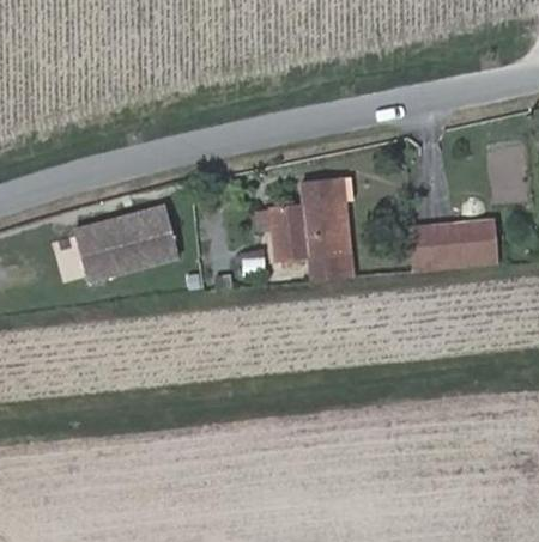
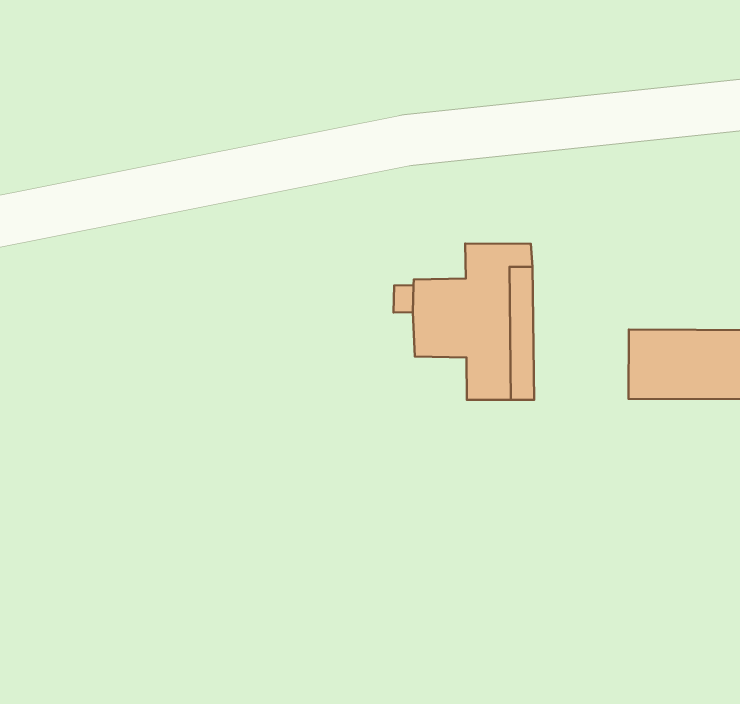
building: [68,207,172,280] -> none

